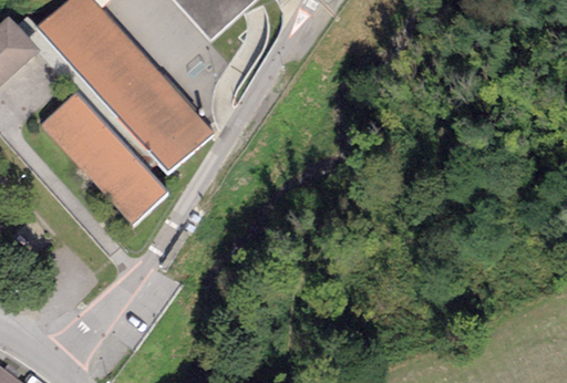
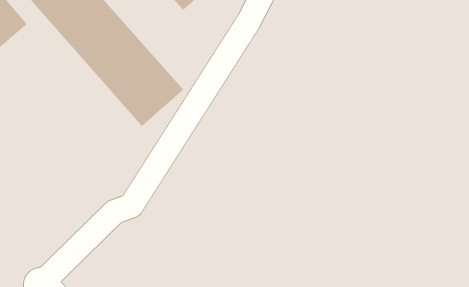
building: [39,94,162,222] -> none

